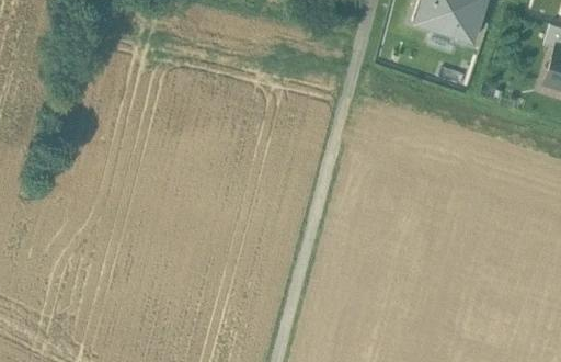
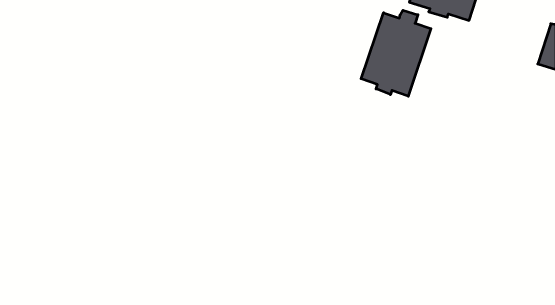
building: none -> [361,10,431,96]

